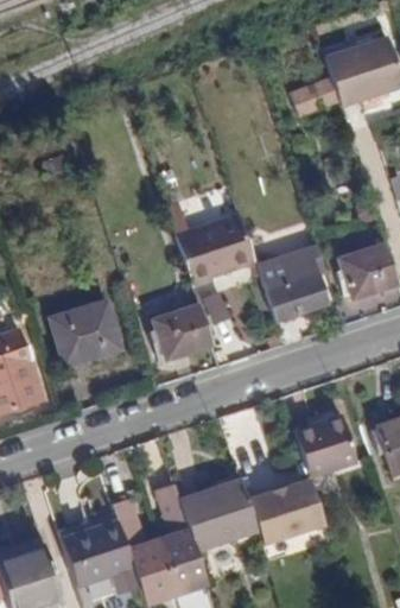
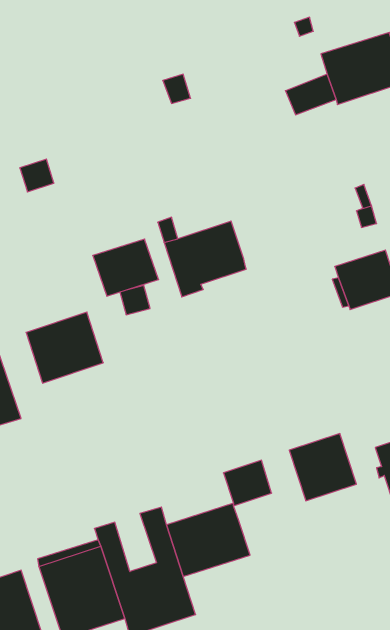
building: [258,245,330,321] -> none
building: [152,305,214,359] -> [93,239,159,296]
building: [248,480,325,545] -> none

